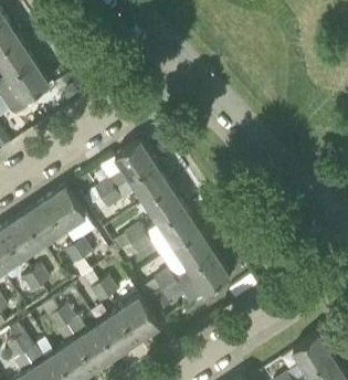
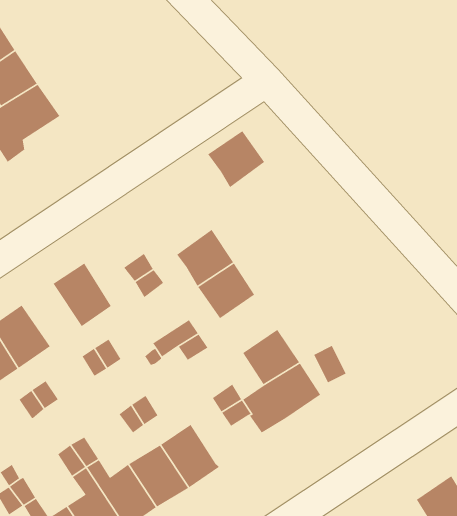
building: [114,142,154,182] -> [207,130,265,188]
building: [23,202,64,245] -> none
building: [159,210,199,250] -> none

